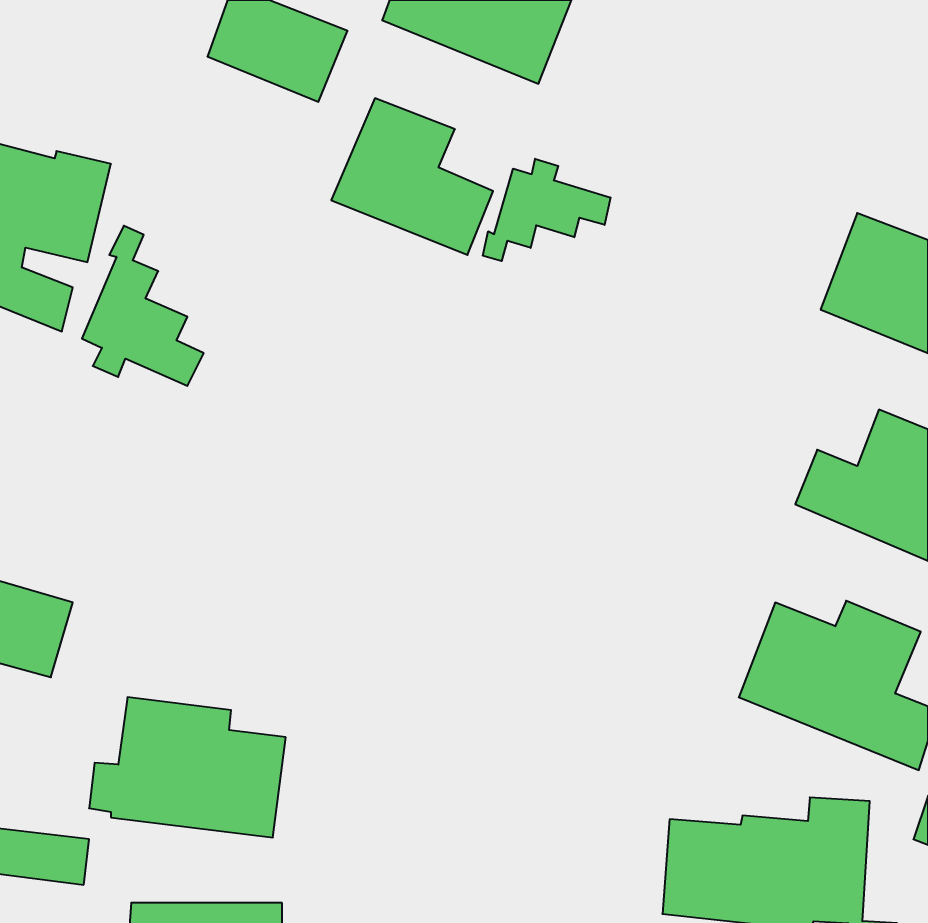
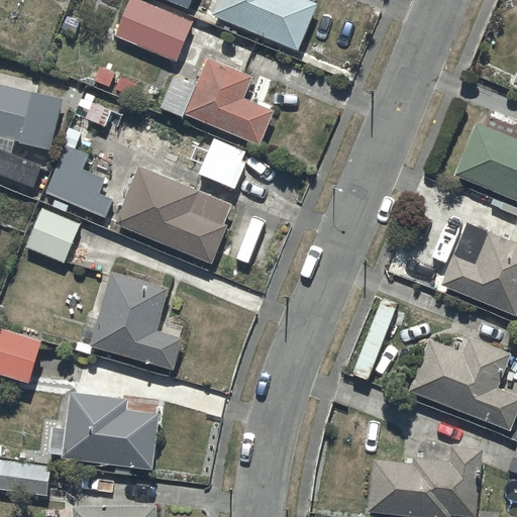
building: [483,159,610,261] -> none
building: none -> [198,139,247,188]
building: none -> [115,165,233,264]
building: none -> [26,208,81,263]
building: none -> [91,271,183,370]

